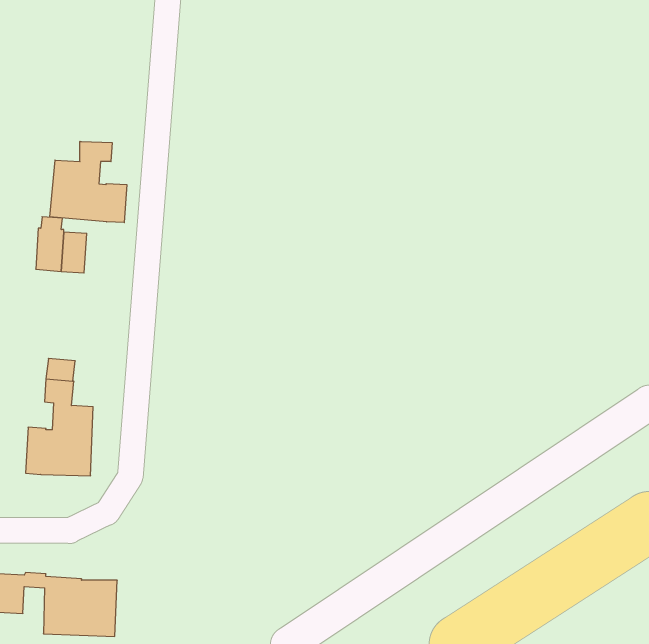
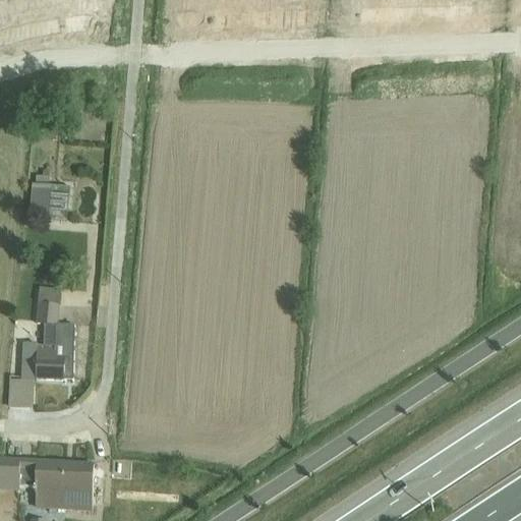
building: [50,141,127,223] -> none
building: none -> [7,378,33,408]

